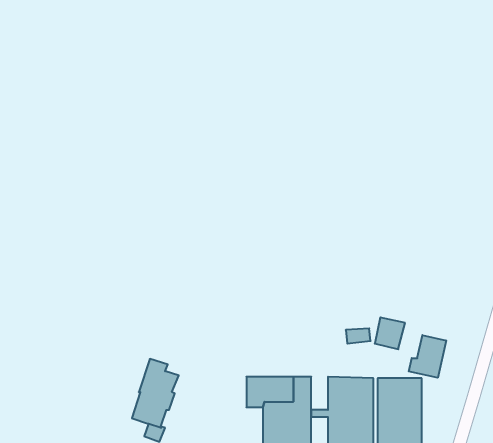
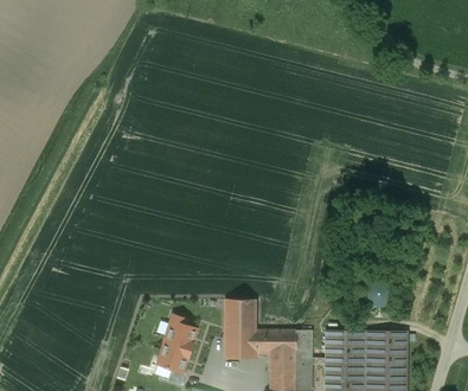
building: [409,335,446,378] -> none
building: none -> [225,300,256,358]

